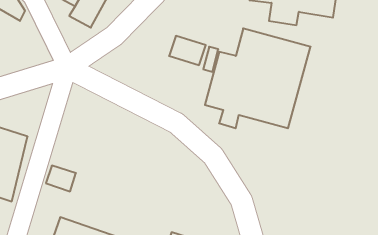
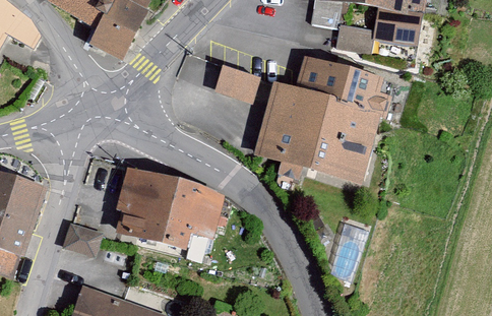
building: none -> [117,175,220,246]

